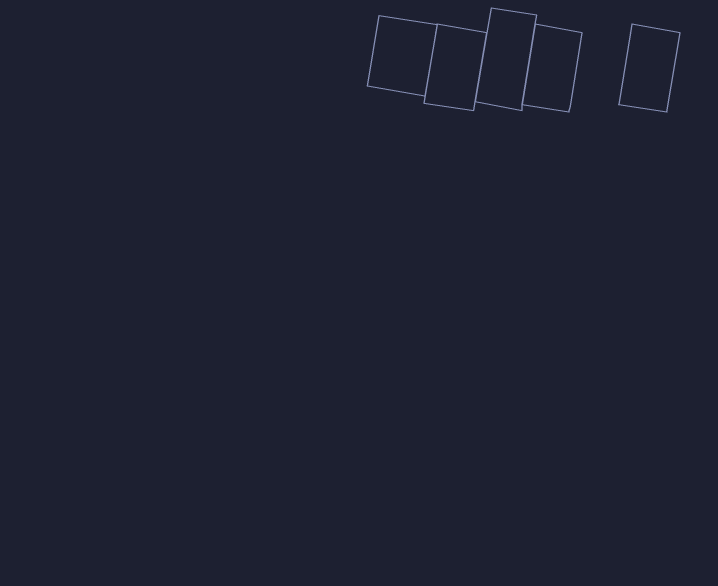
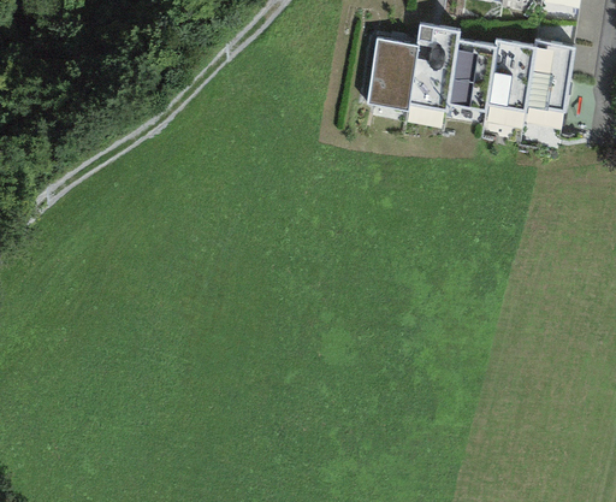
building: [367,16,437,96] -> none
building: none -> [485,39,534,113]

